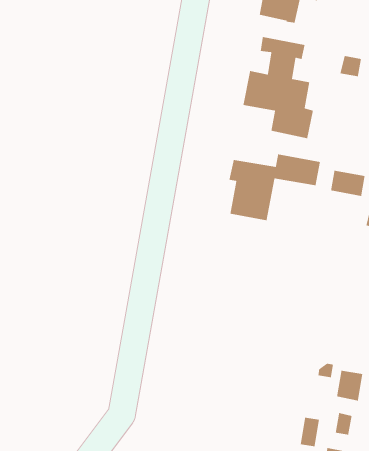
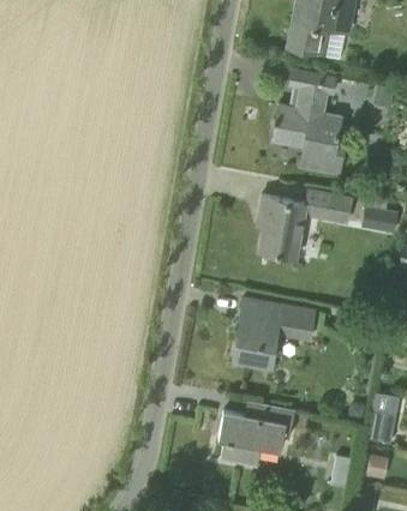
building: none -> [233,297,315,366]
building: none -> [219,405,293,465]

